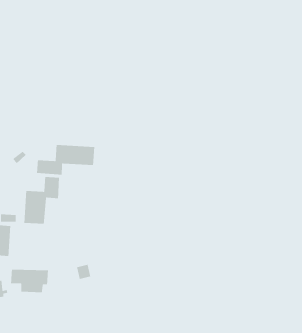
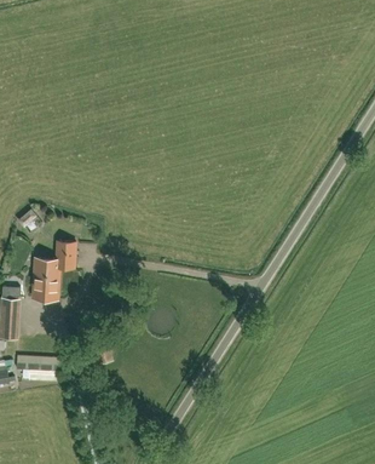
building: [36,144,95,175] -> none

